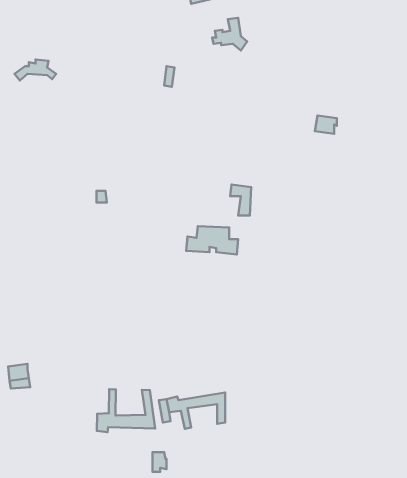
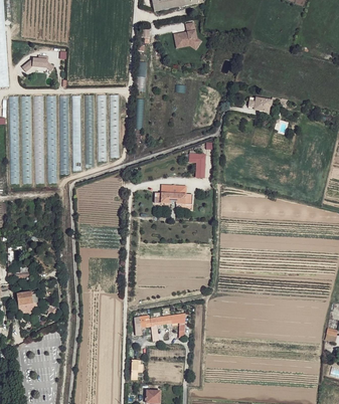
building: [97,389,155,432] -> none

